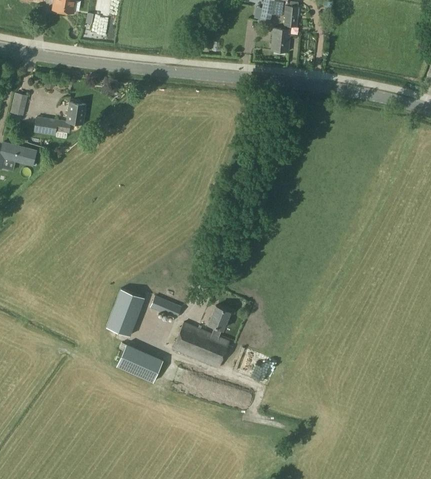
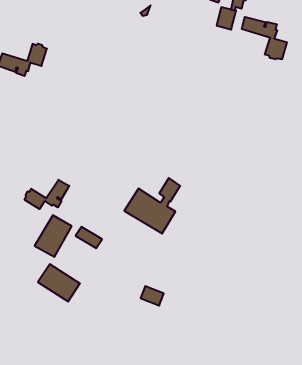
building: none -> [242,17,287,59]
building: none -> [25,180,69,209]
building: [172,305,230,368] -> [124,178,180,234]

